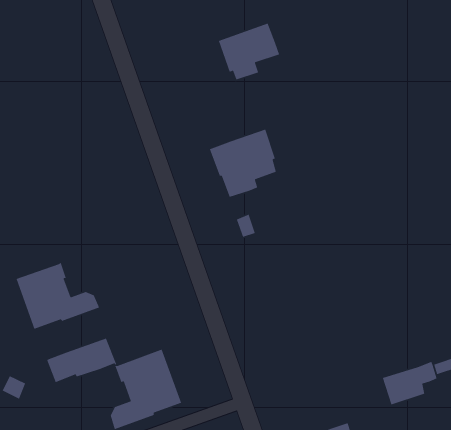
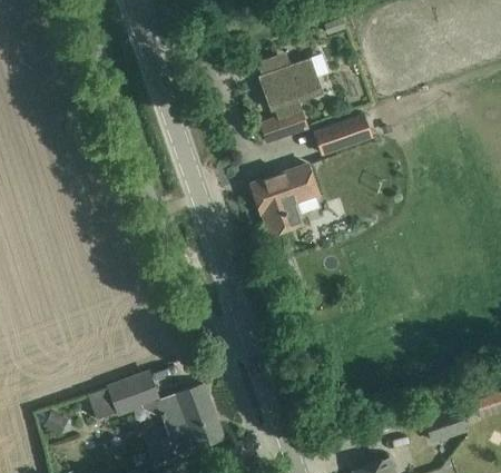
building: none -> [259,108,307,141]
building: none -> [315,115,371,154]
building: [16,262,100,330] -> none

